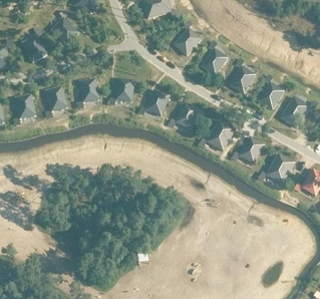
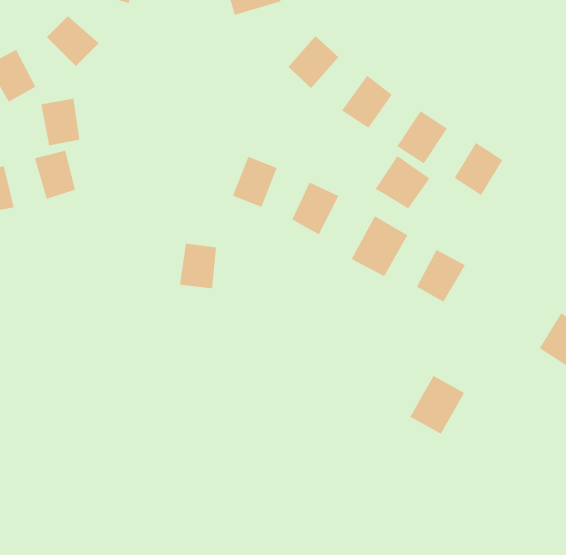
building: [78,78,98,102] -> [41,98,80,146]
building: [114,78,133,101] -> [179,243,217,289]
building: none -> [375,155,430,209]
building: [280,96,309,127] -> none
building: [266,154,294,184] -> [410,375,465,435]

